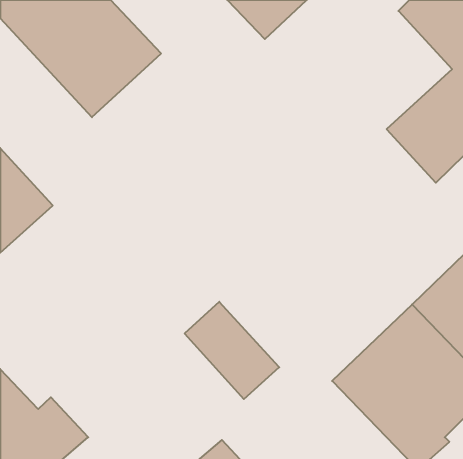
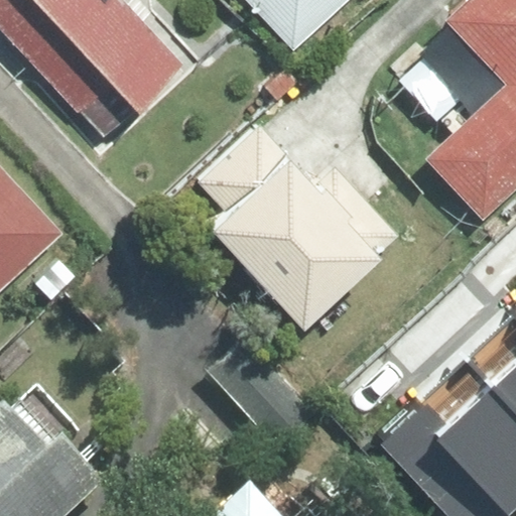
building: none -> [199,128,394,324]

